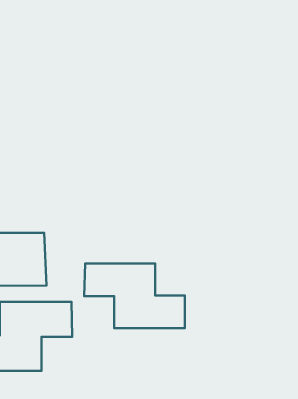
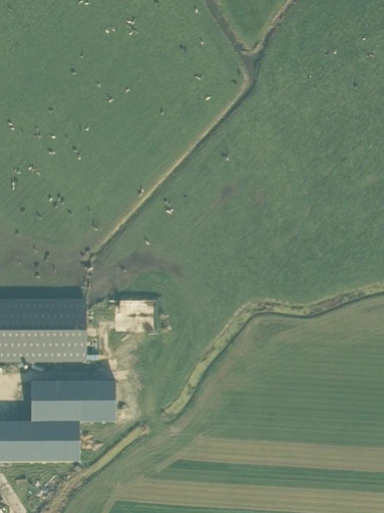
building: [84,263,185,328] -> none

